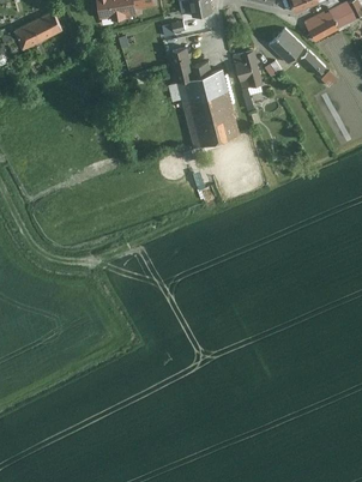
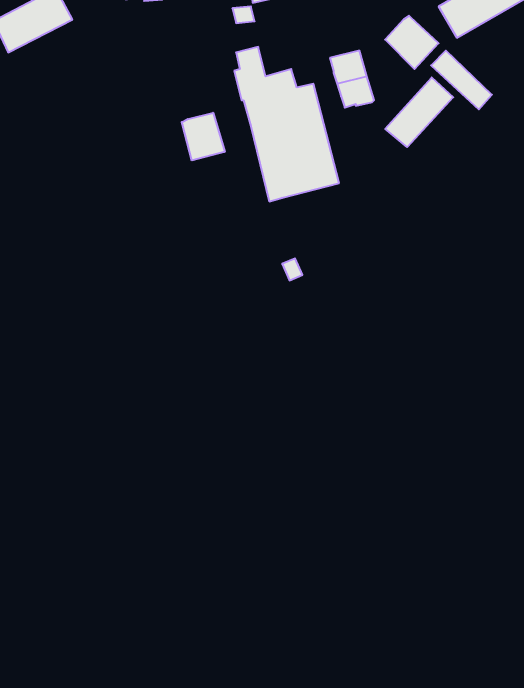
building: none -> [385,77,453,147]
building: none -> [182,113,225,160]

